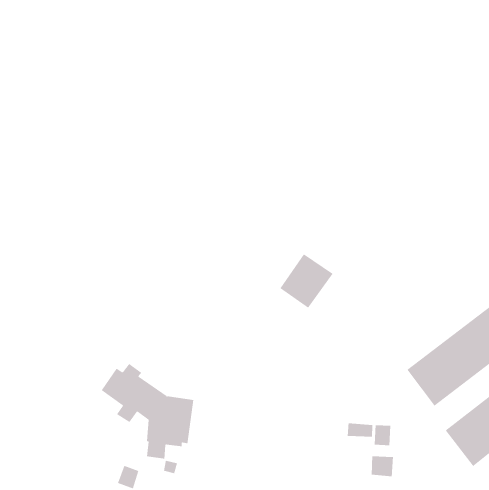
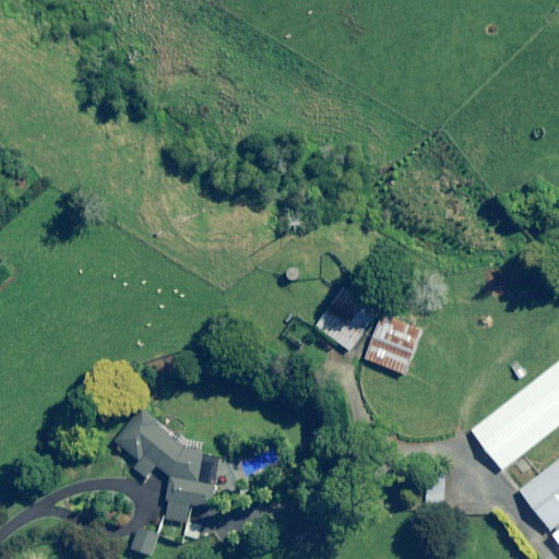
building: none -> [368,317,426,376]
building: [347,423,373,438] -> none
building: [371,455,393,477] -> none

